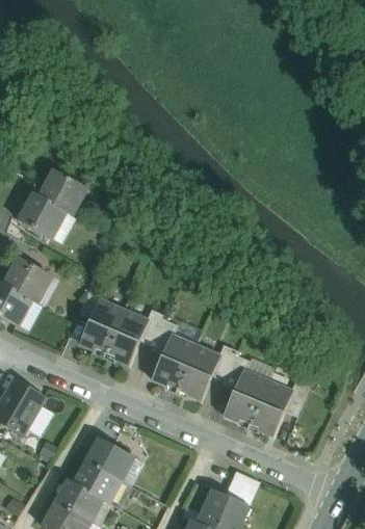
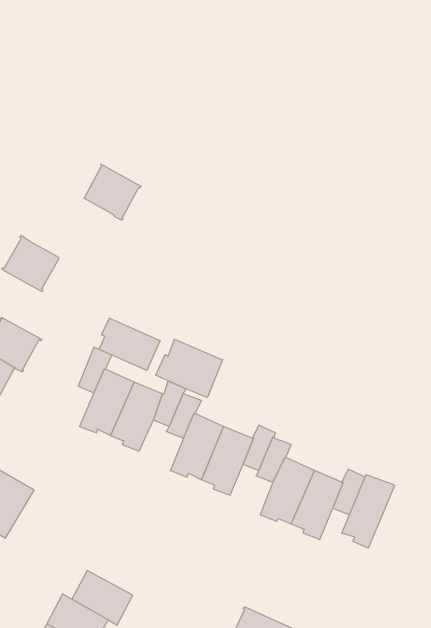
building: [40,169,85,214] -> [84,164,141,220]
building: none -> [99,318,160,370]
building: none -> [156,339,223,398]
building: none -> [342,475,394,548]
building: [86,438,135,480] -> none

